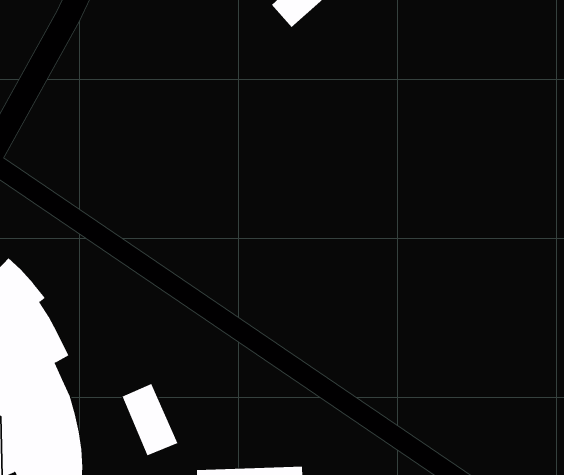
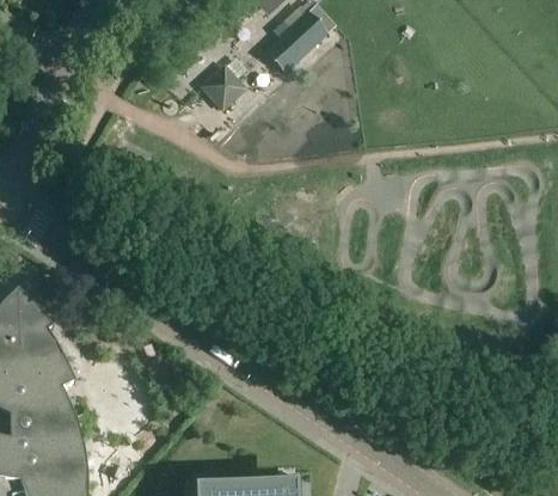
building: none -> [202,63,244,105]
building: [122,383,178,456] -> none

